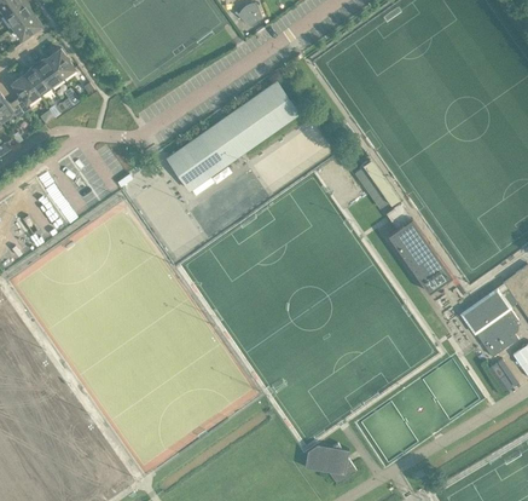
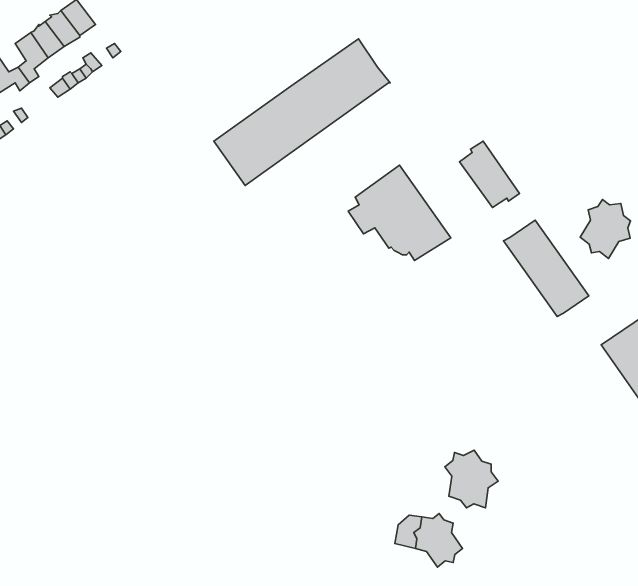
building: none -> [348,165,451,261]
building: none -> [580,200,631,259]
building: none -> [445,450,498,508]

